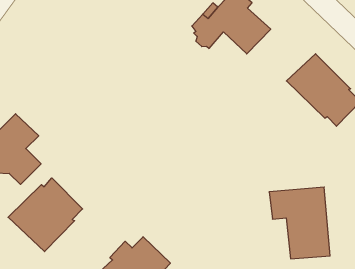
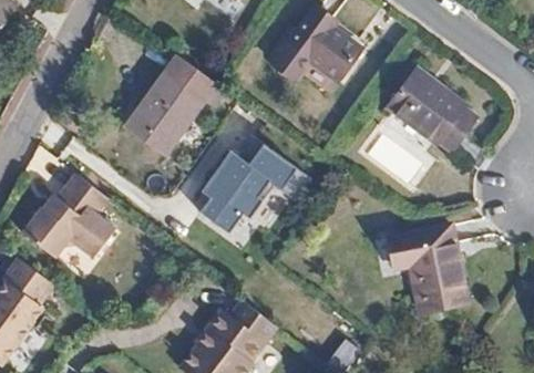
building: none -> [123,53,215,156]
building: none -> [199,134,310,231]
building: [8,178,83,252] -> none

